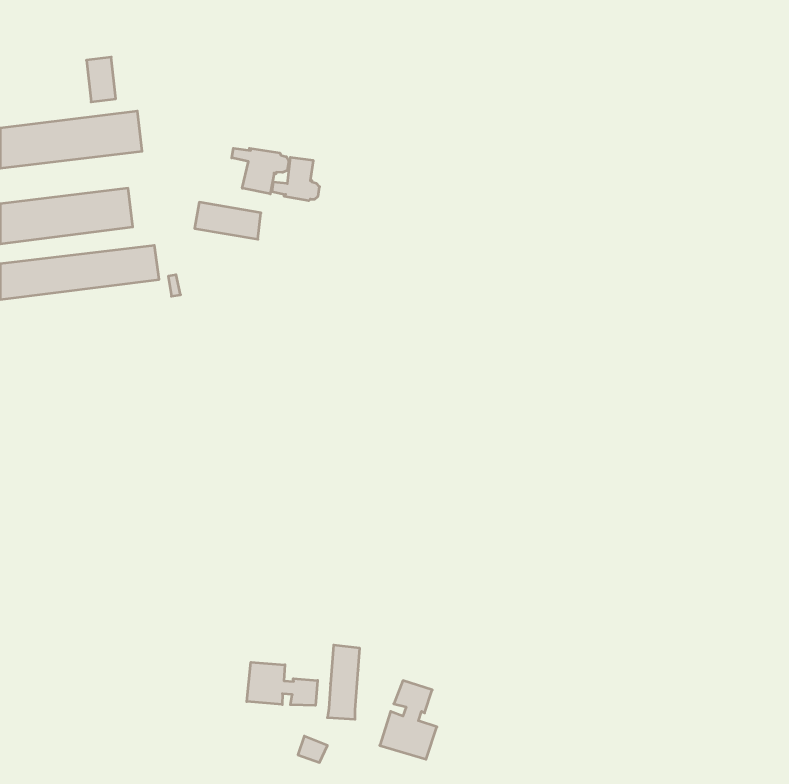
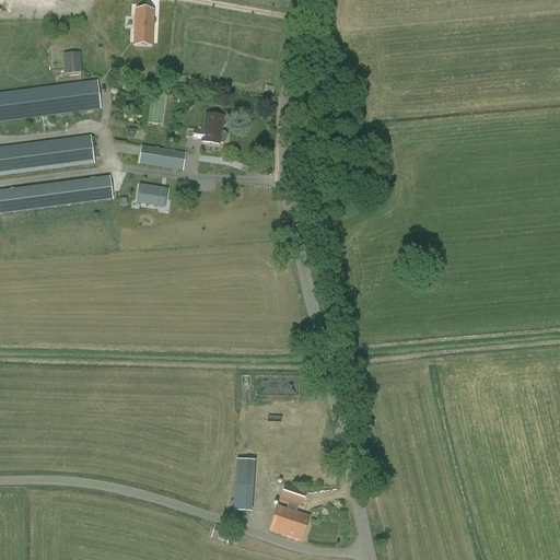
building: none -> [135,8,153,36]
building: [232,148,289,194] -> none
building: none -> [138,185,167,206]
building: [247,662,318,705] -> none

